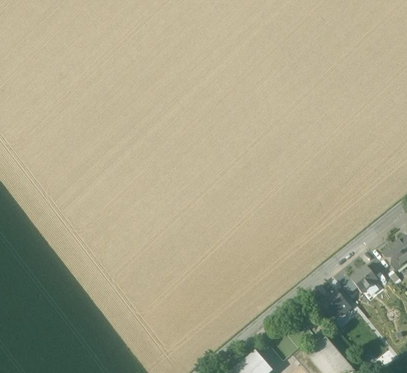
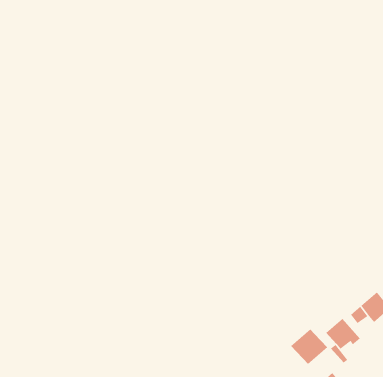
building: none -> [290,329,328,365]

